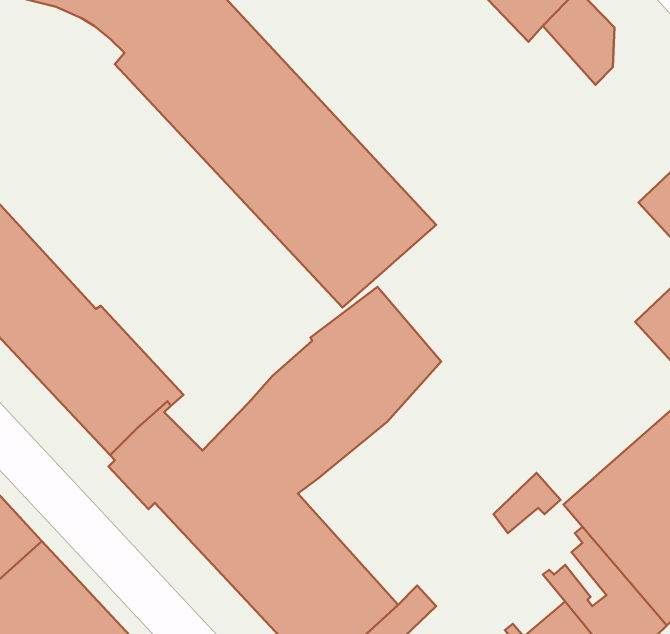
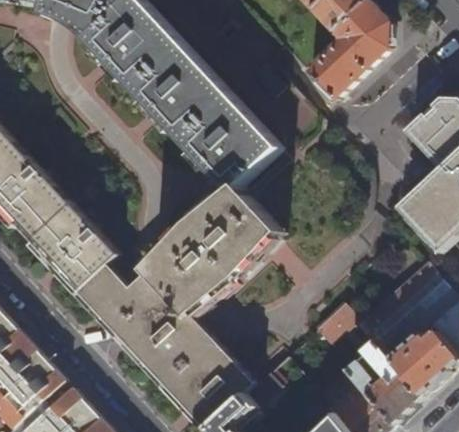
building: none -> [306,18,377,97]

